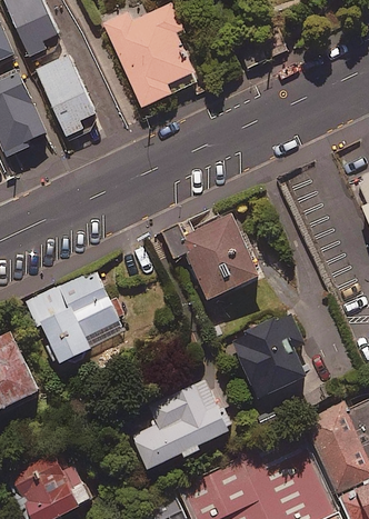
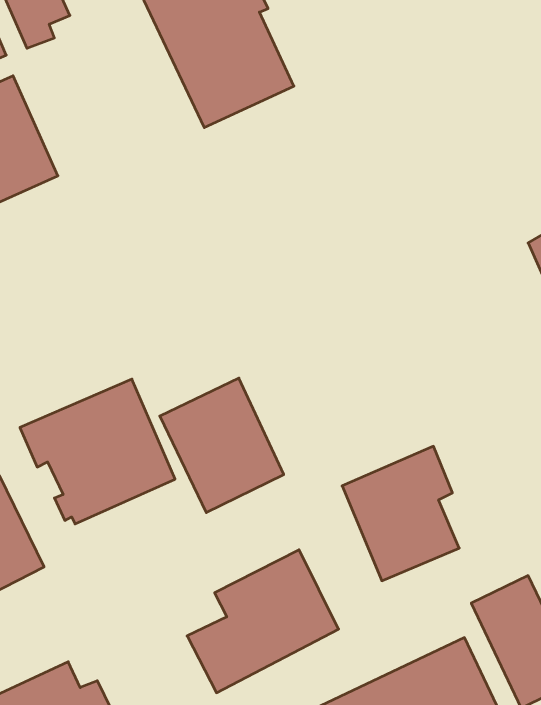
building: [36,56,94,136] -> none
building: [181,212,261,299] -> [160,378,284,513]

